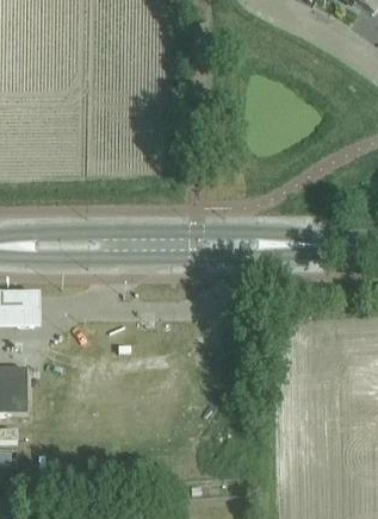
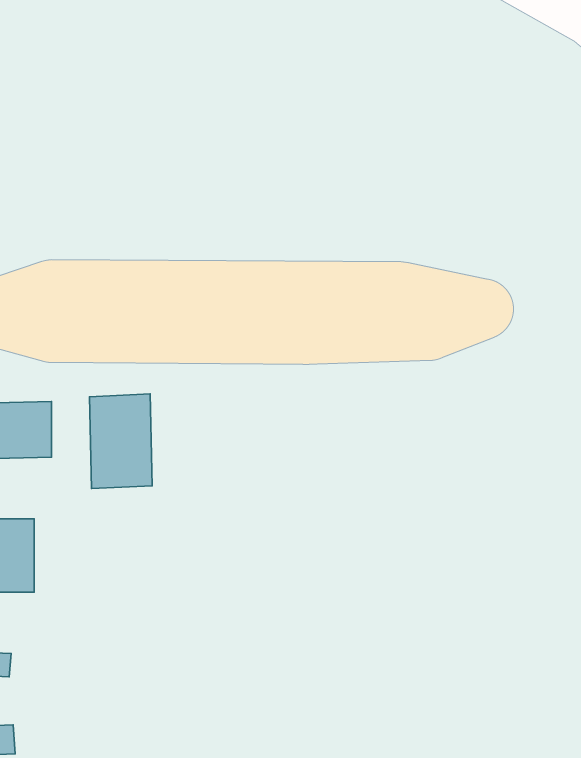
building: none -> [90,394,152,488]

